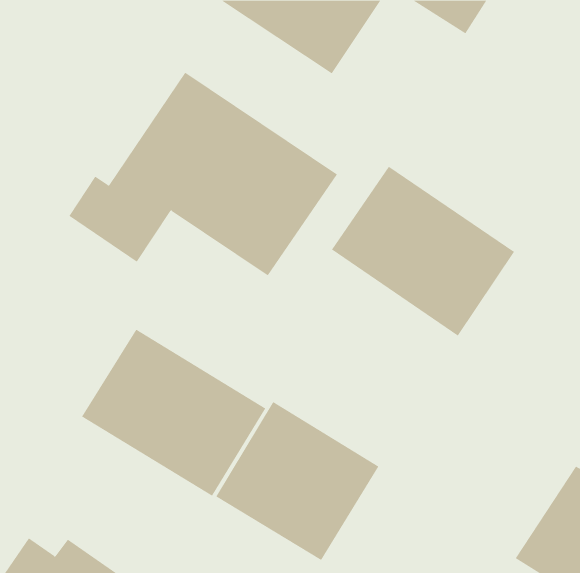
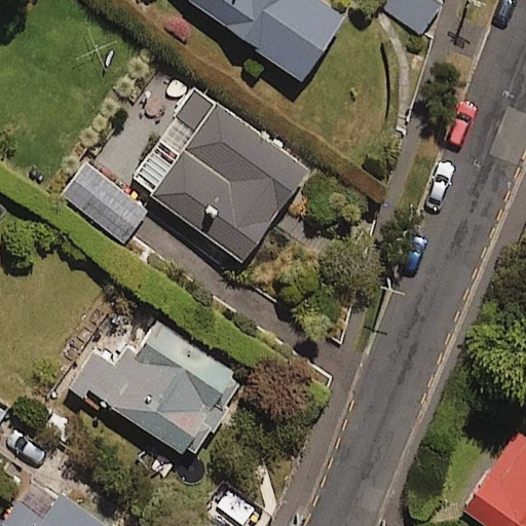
building: [331,166,515,337] -> none
building: [216,401,379,561] -> none

